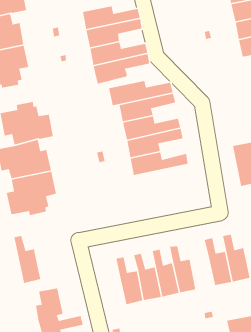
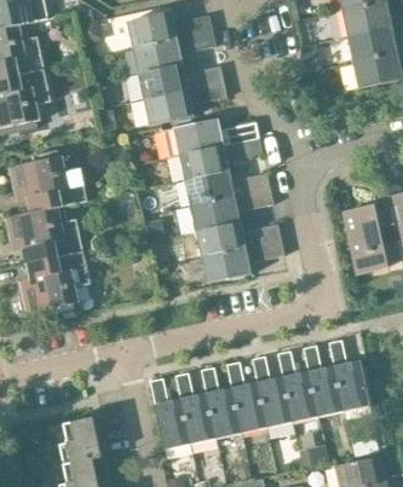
building: none -> [201,240,284,283]
building: [13,235,41,284] -> [150,379,190,450]
building: none -> [277,352,318,422]

